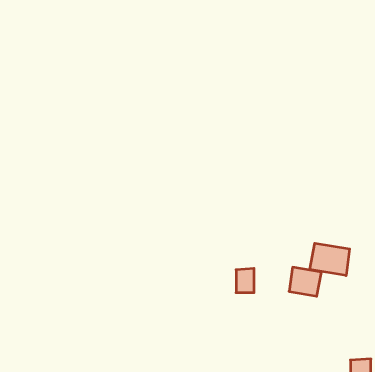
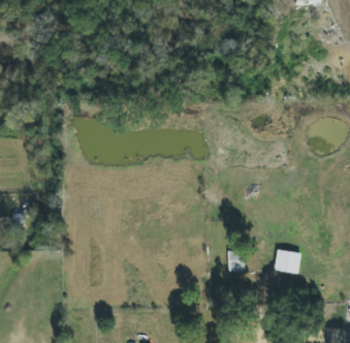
building: [310,243,350,276] -> none

